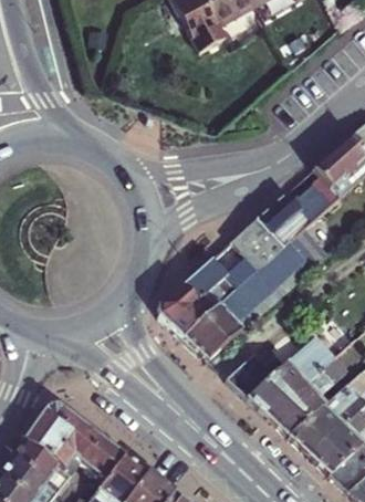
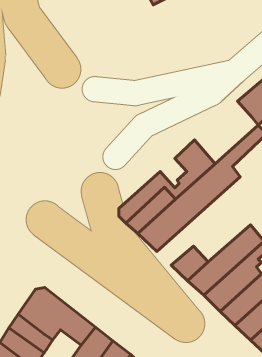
building: [257,188,338,248] -> none

